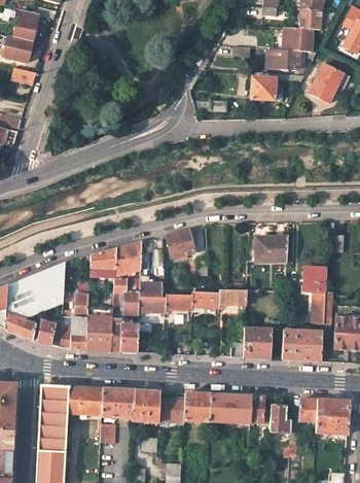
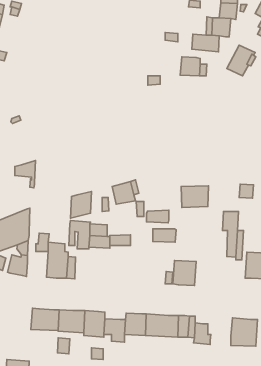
building: [92,249,117,283] -> [15,161,35,188]
building: [190,292,218,308] -> [147,210,169,223]
building: [62,317,88,349] -> none
building: [121,319,139,352] -> none
building: [280,330,321,361] -> none
building: [37,386,69,453] -> none
building: [298,400,317,422] -> none

